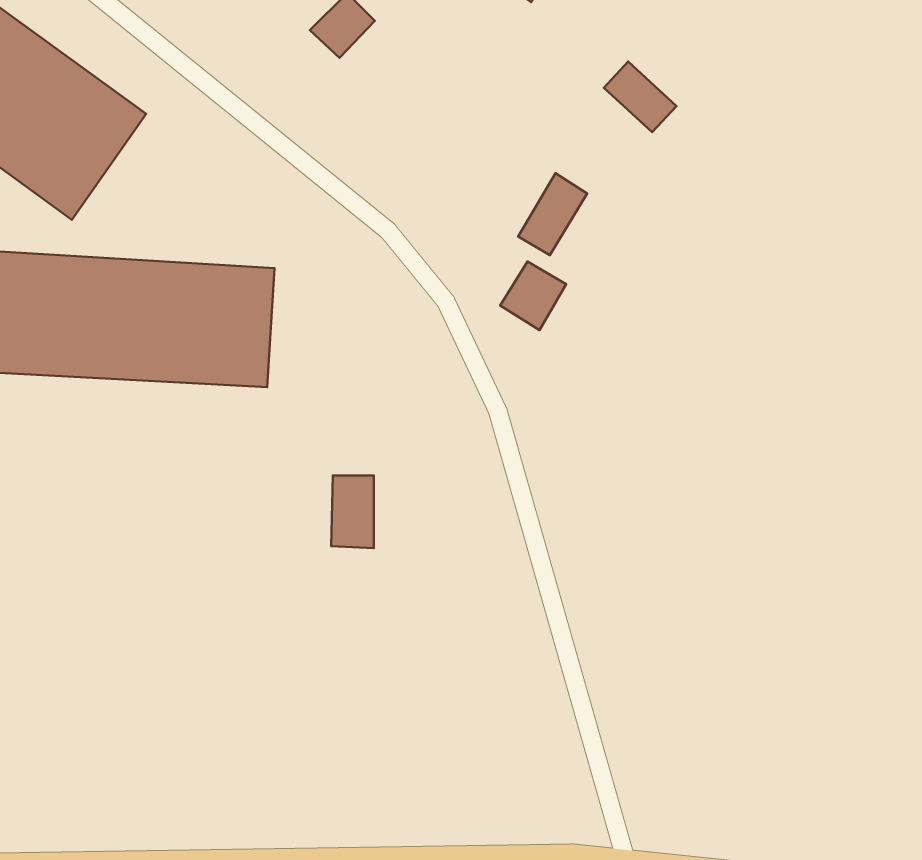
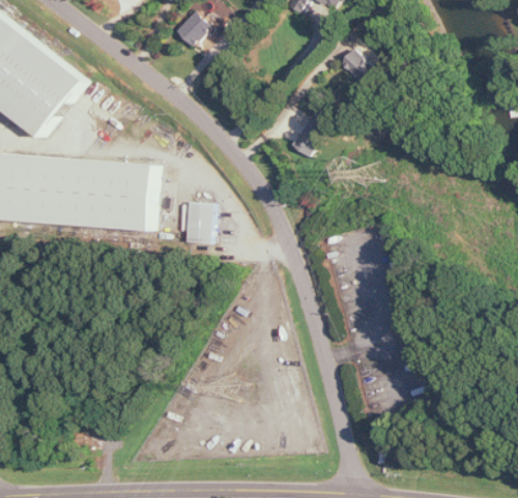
building: [500,262,566,330] -> none
building: [331,476,374,548] -> [185,202,209,242]

